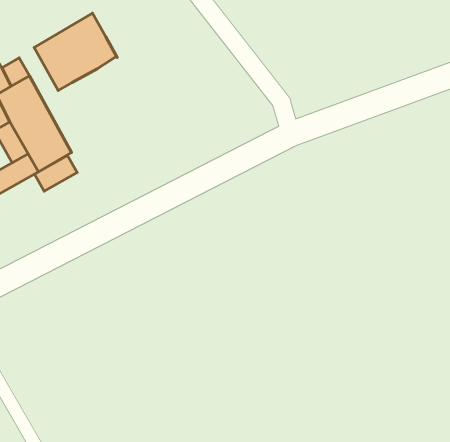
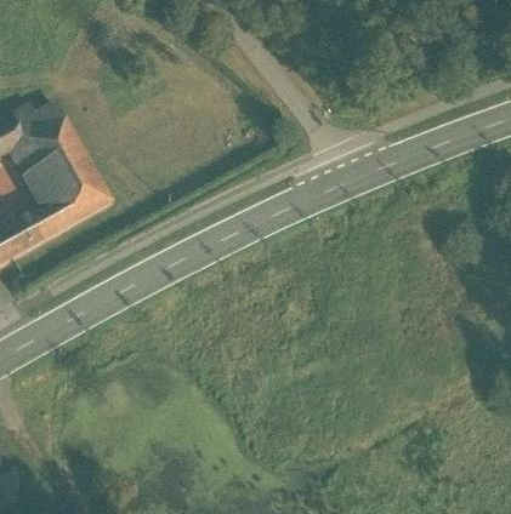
building: [34,13,117,91] -> none
building: [35,155,77,191] -> none

